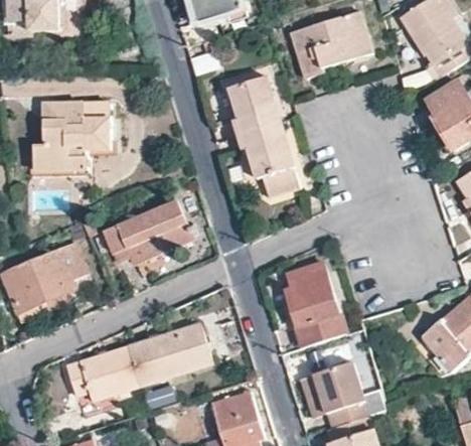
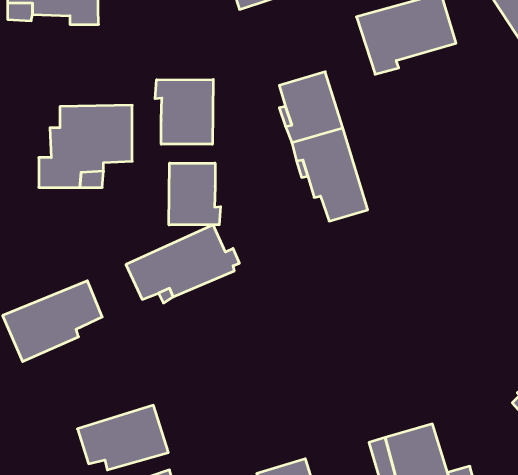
building: none -> [155,79,213,144]
building: none -> [169,163,221,225]
building: [285,264,344,347] -> none
building: [127,323,211,385] -> none

